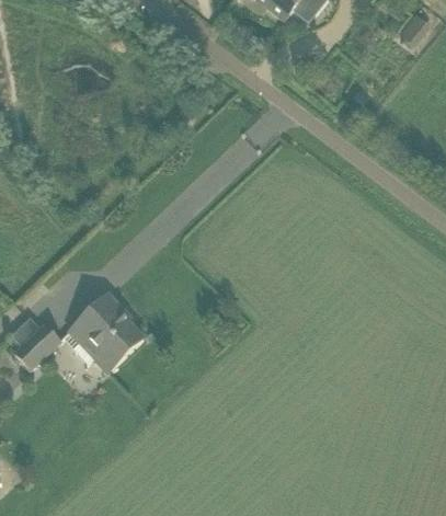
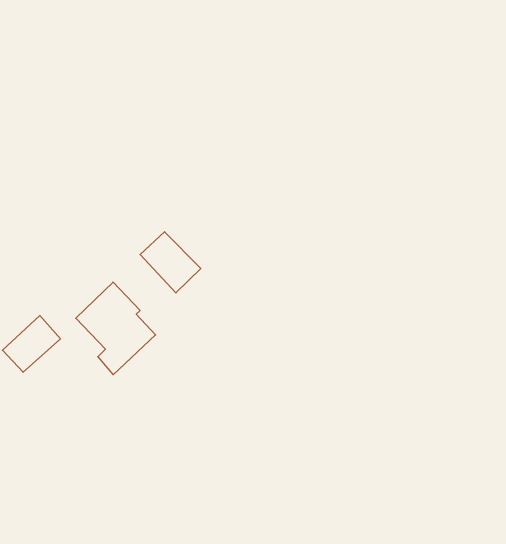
building: none -> [140,232,201,293]

